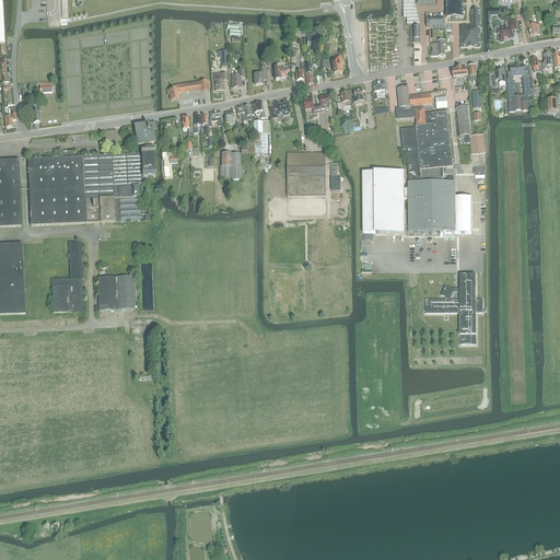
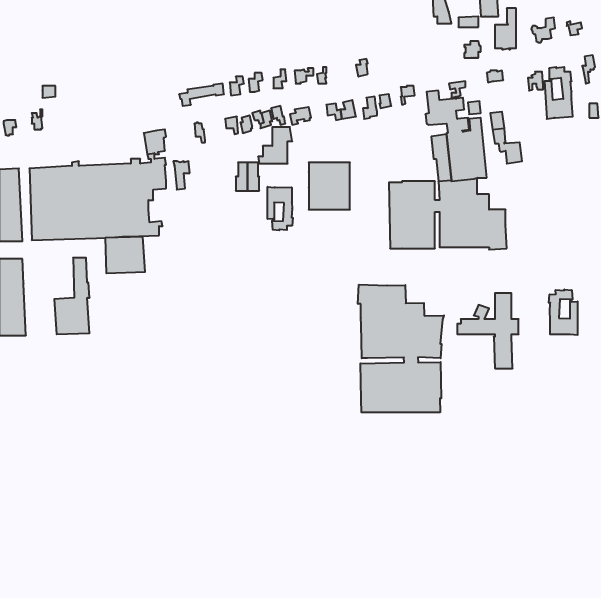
building: none -> [268,187,293,230]
building: none -> [358,285,444,412]
building: none -> [549,289,578,335]
building: [97,275,135,308] -> [105,237,145,273]

